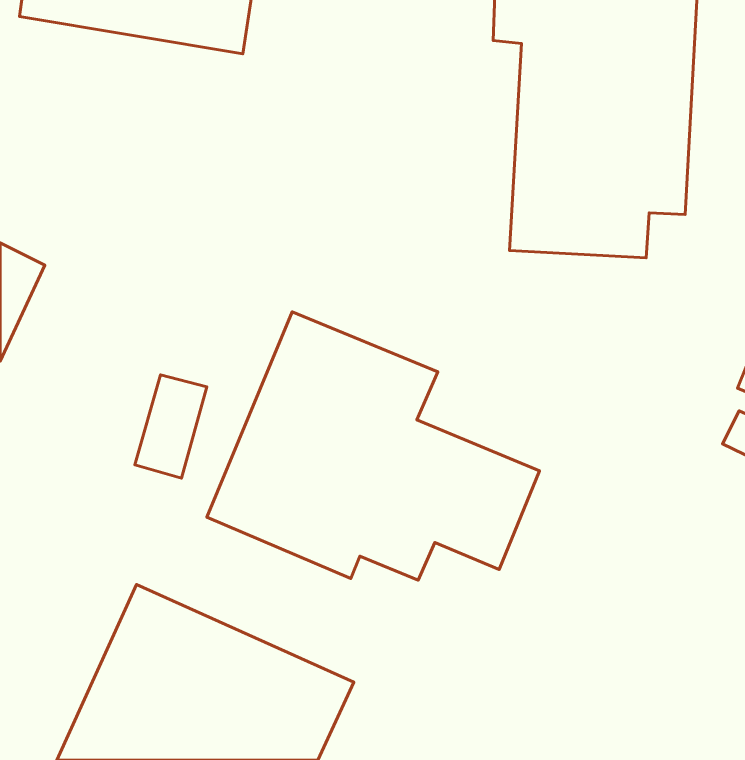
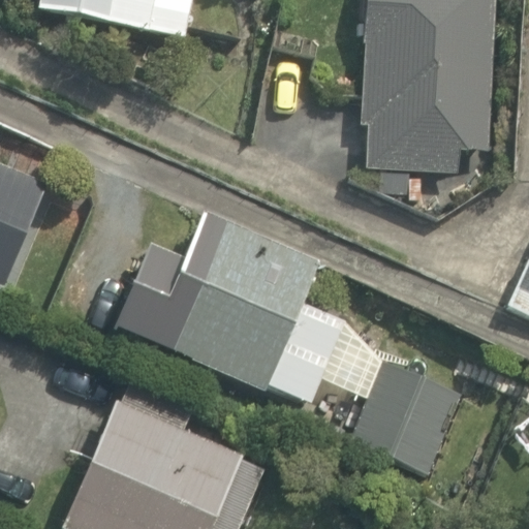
building: none -> [348,359,475,478]

